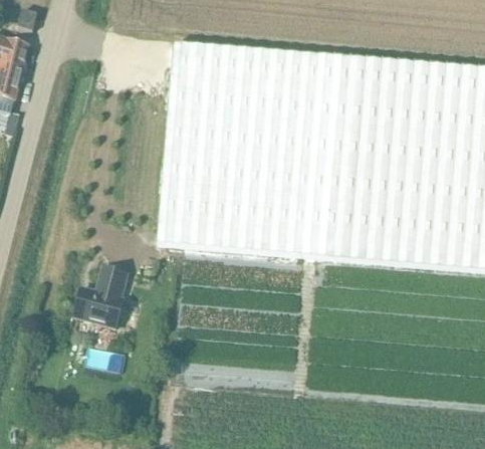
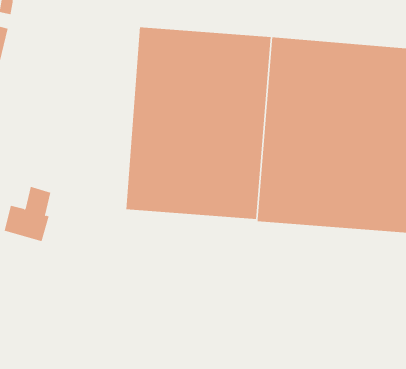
building: [74,262,127,323] -> [4,186,51,242]

